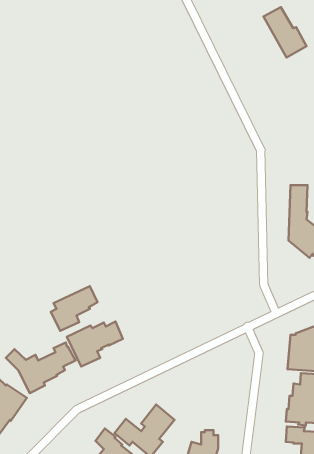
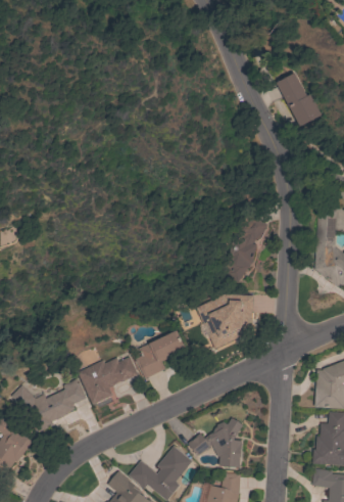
building: [264,7,306,58] -> [276,73,322,127]
building: none -> [231,216,266,271]
building: none -> [198,295,253,346]
building: [51,286,97,331] -> [135,330,185,378]
building: none -> [189,417,243,467]

